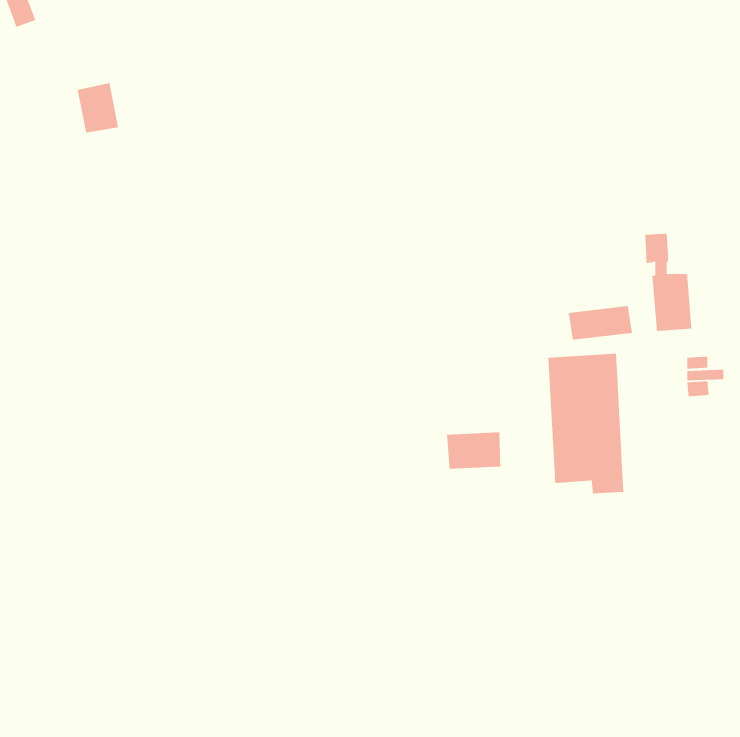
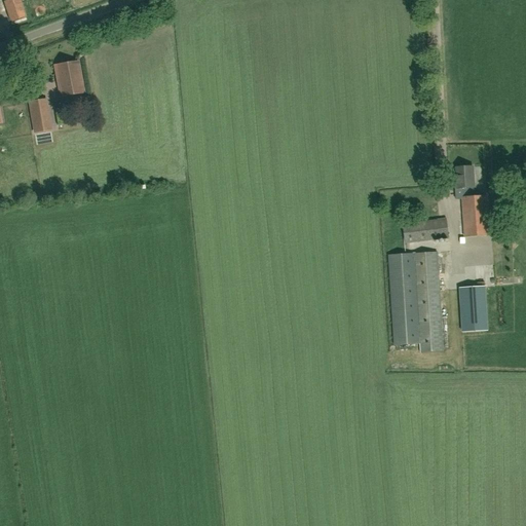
building: none -> [30,98,51,130]
building: none -> [460,285,487,330]
building: [447,431,501,469] -> none

